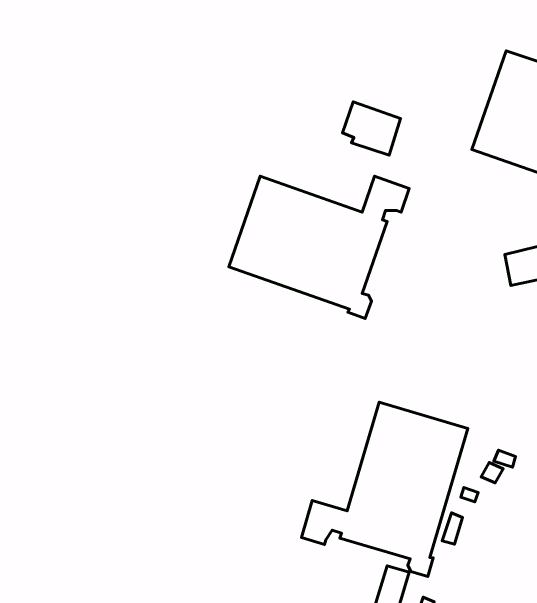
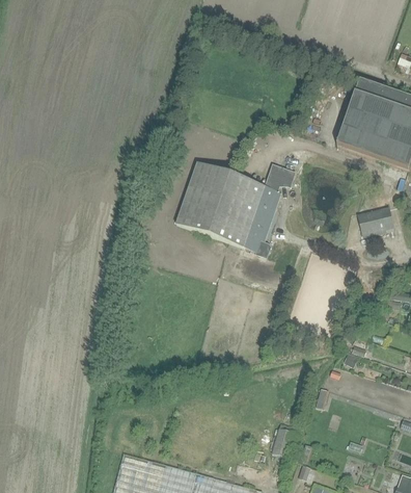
building: [343,102,401,155] -> none
building: [302,402,468,576] -> none

